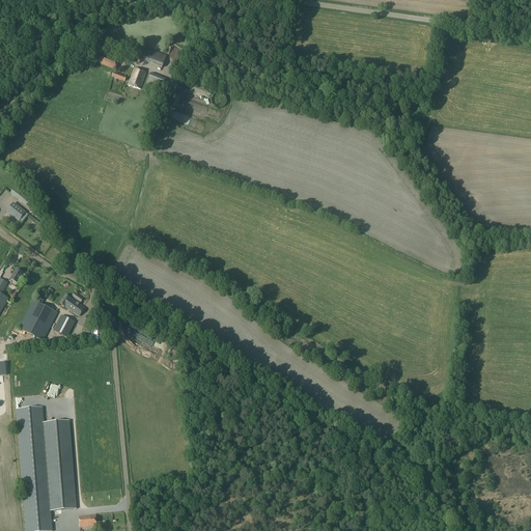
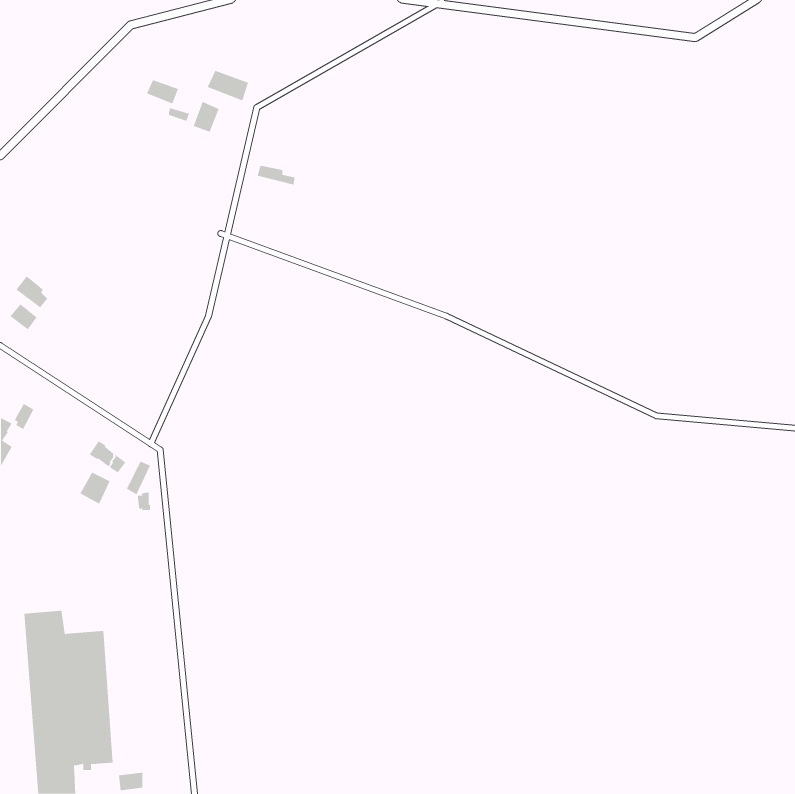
building: [19,300,57,340] -> none

